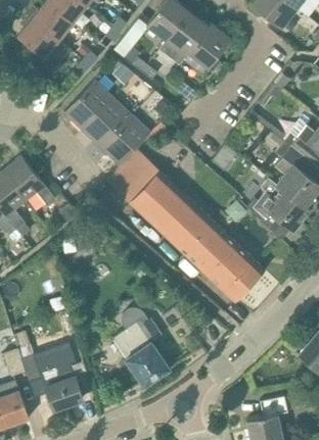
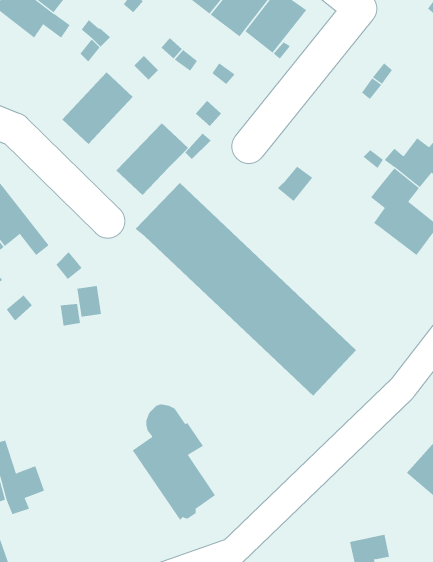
building: [82,98,132,148] -> none
building: [252,187,310,232] -> none
building: [45,353,83,409] -> none

